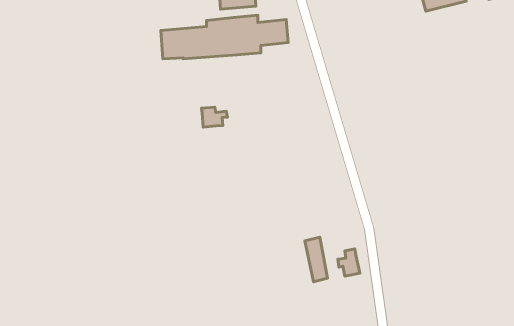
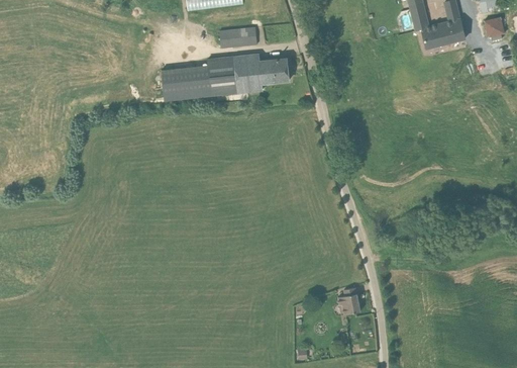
building: [201,107,228,127] -> none
building: [305,237,327,282] -> none

